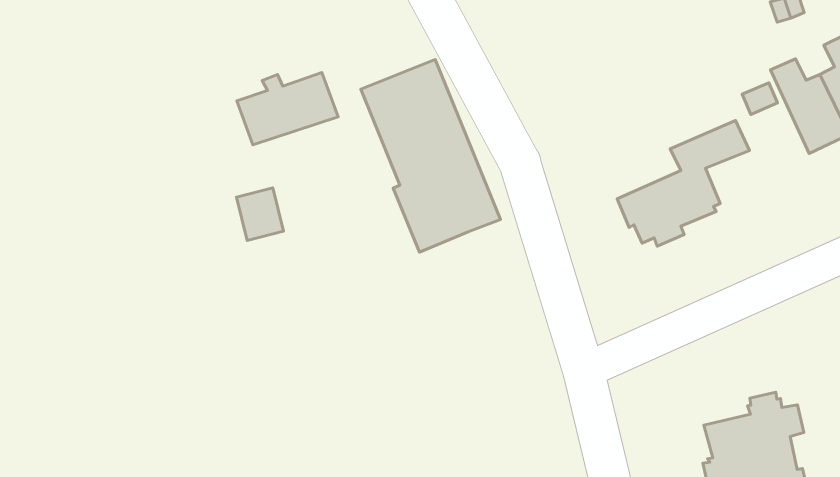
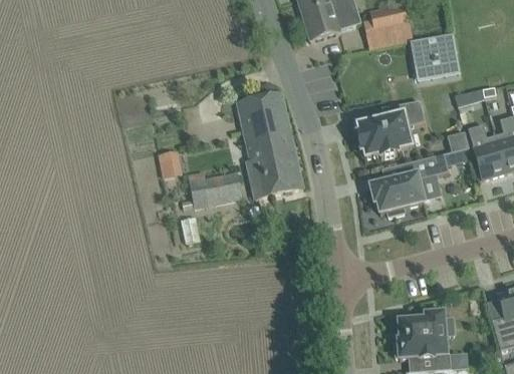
building: none -> [358,99,426,155]
building: [237,73,338,145] -> [190,165,245,203]

